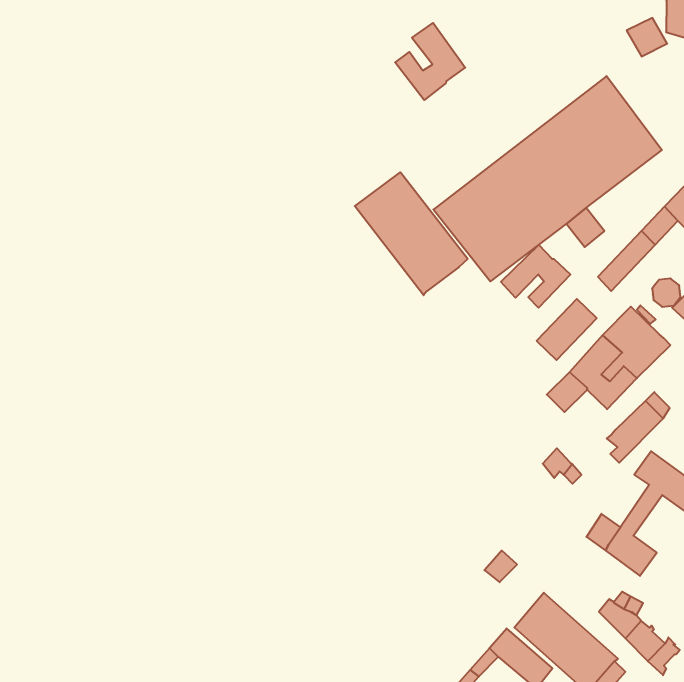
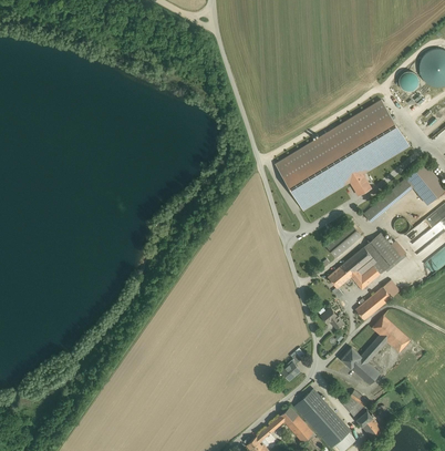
building: [395,23,465,100] -> none
building: [355,172,468,295] -> none
building: [501,245,570,308] -> none

